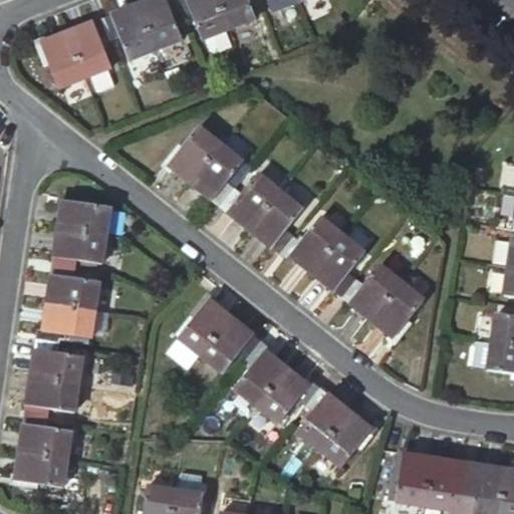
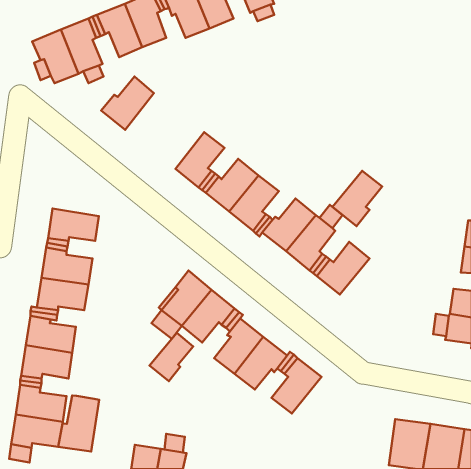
building: [166,125,223,184] -> [101,76,154,130]
building: [58,195,112,235] -> none
building: [370,281,425,341] -> [332,171,382,226]
building: none -> [149,333,193,381]
building: [318,410,375,467] -> none
building: none -> [58,395,99,451]
building: [386,451,431,506] -> none

